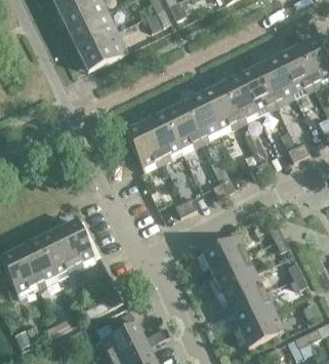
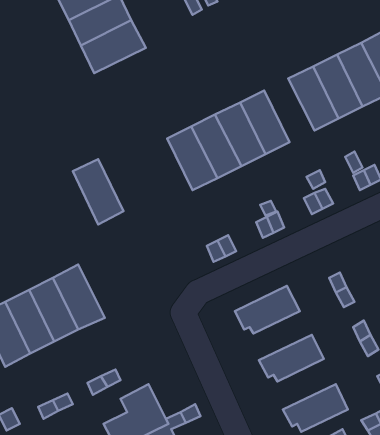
building: [219,74,258,123] -> none
building: [125,120,164,170] -> [73,159,123,224]
building: [209,253,256,291] -> none
building: [228,290,275,329] -> none

